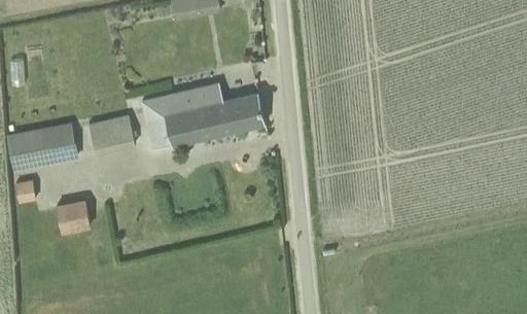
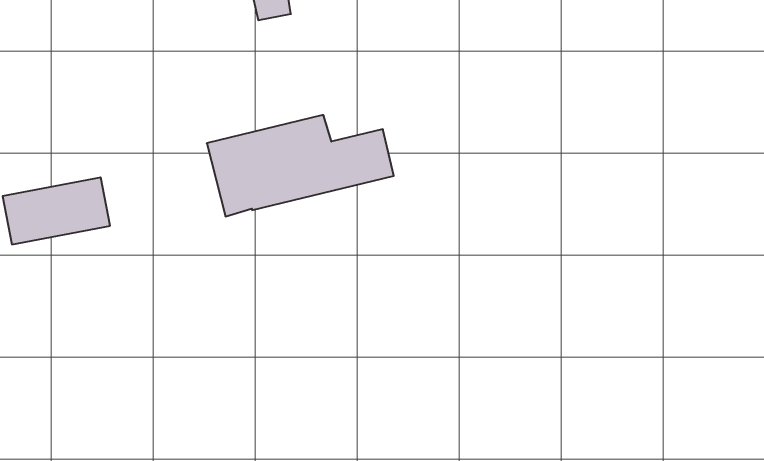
building: [90,114,136,151] -> none
building: [56,200,90,233] -> none

